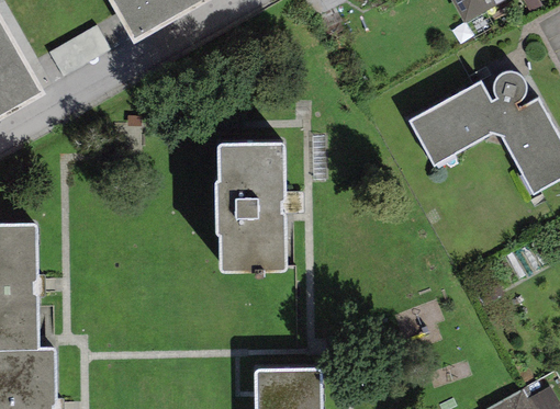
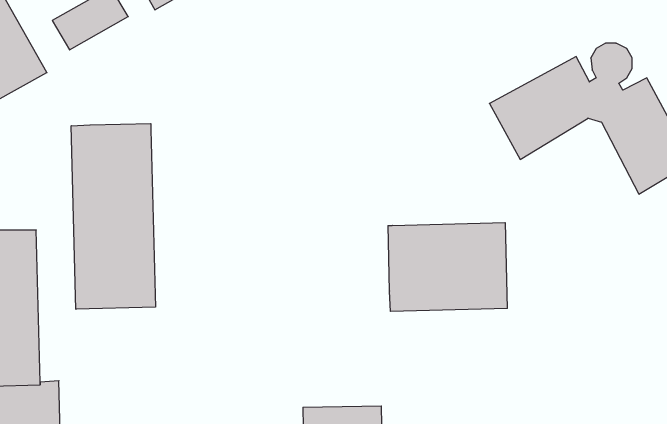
building: none -> [71,124,155,309]
building: [214,143,285,272] -> none
building: none -> [388,223,507,311]

